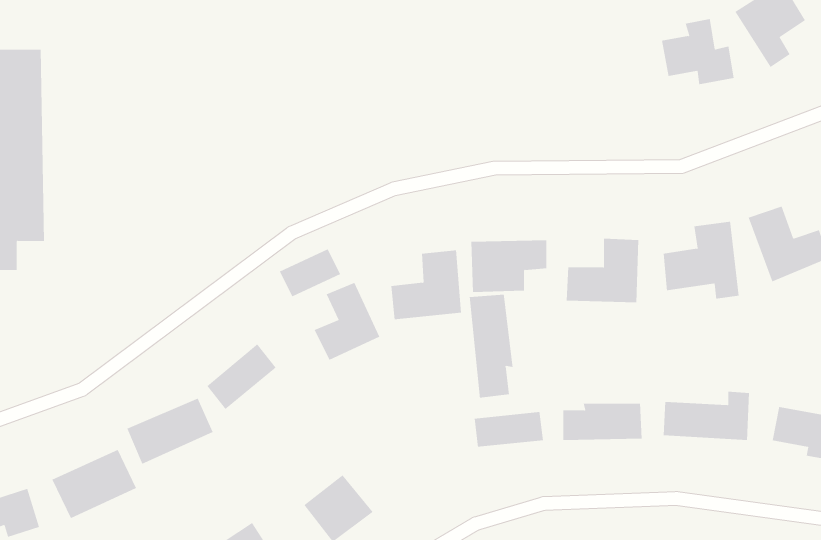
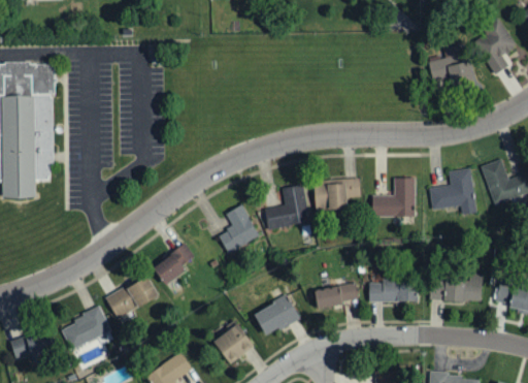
building: [279,248,341,297] -> none
building: [469,294,513,399] -> none
building: none -> [254,294,300,336]

